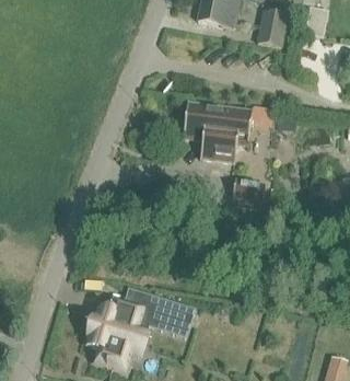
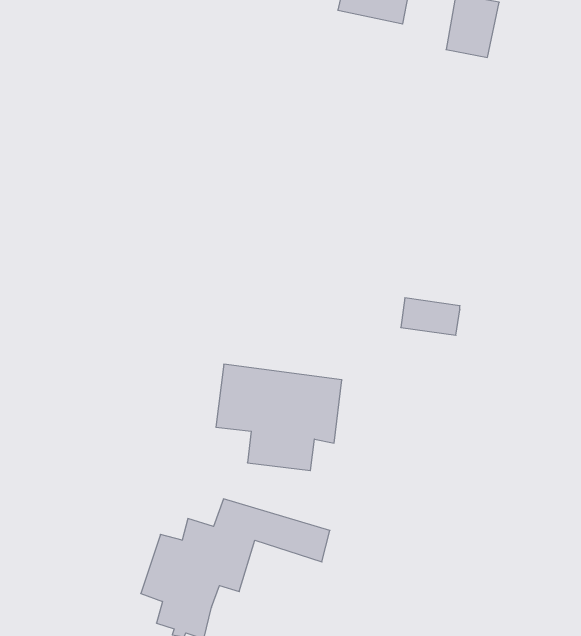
building: [183,102,253,161] -> [216,364,342,471]

